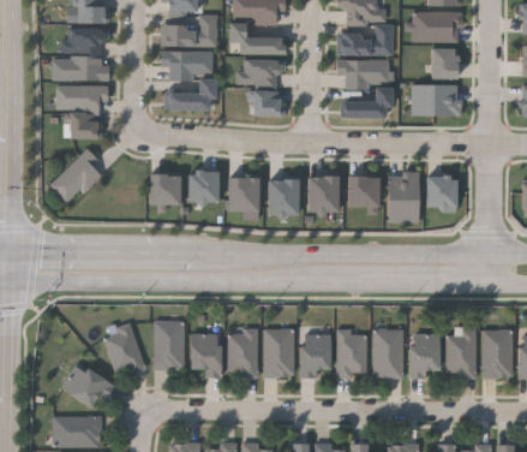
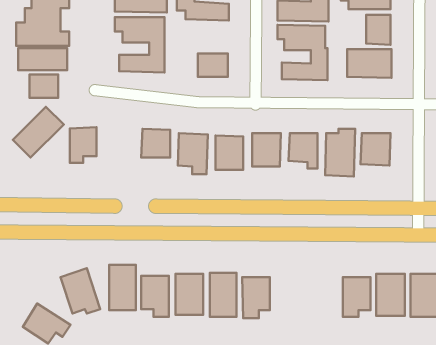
building: [238,59,279,84] -> none
building: [154,174,182,213] -> [70,127,96,163]
building: [372,329,402,376] -> none
building: [336,331,366,375] -> none

